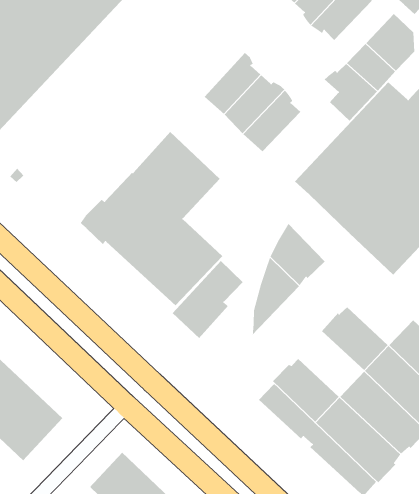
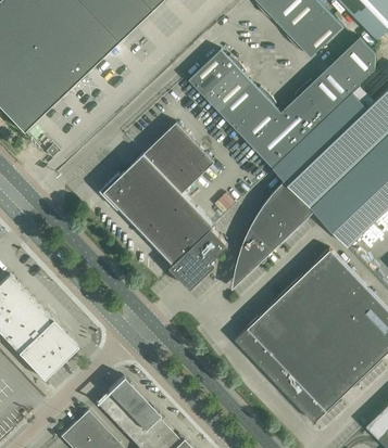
building: none -> [189,50,239,97]
building: none -> [249,88,320,167]
building: none -> [266,179,314,233]
building: none -> [310,248,362,303]
building: none -> [268,289,321,342]

